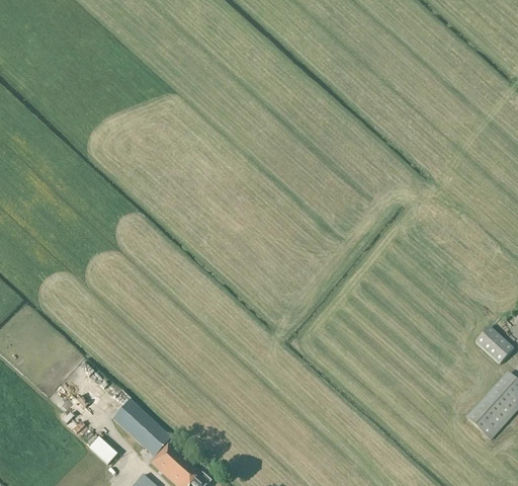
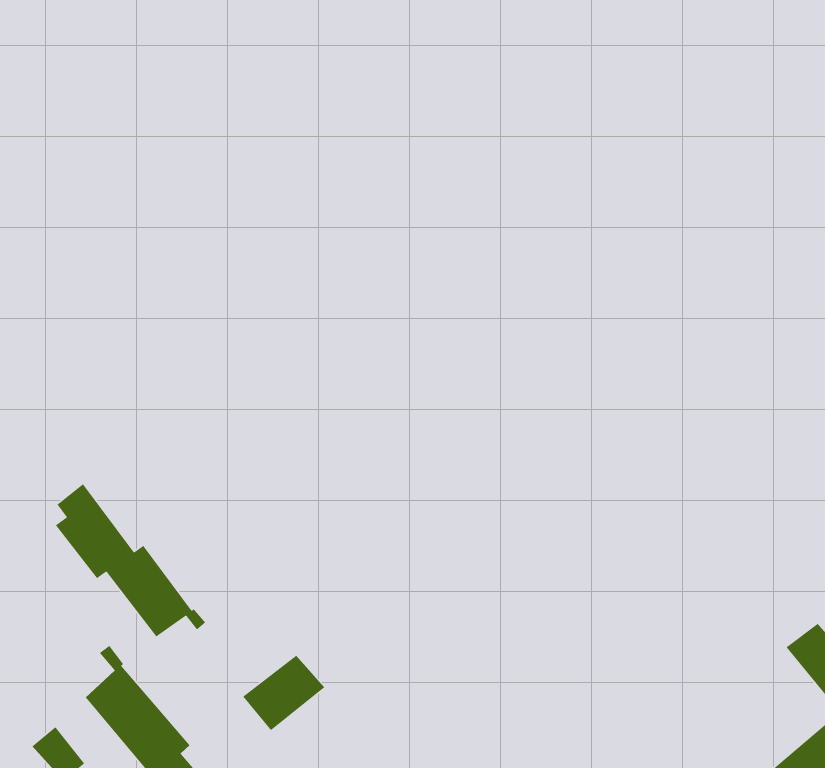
building: none -> [55,483,206,638]
building: none -> [242,655,325,731]

